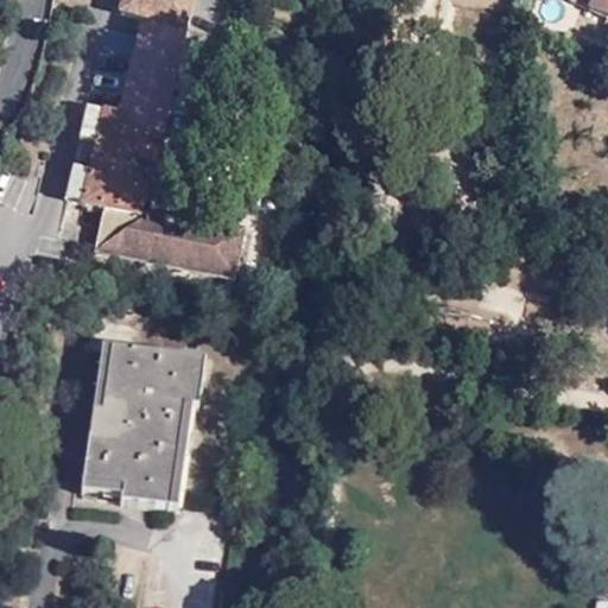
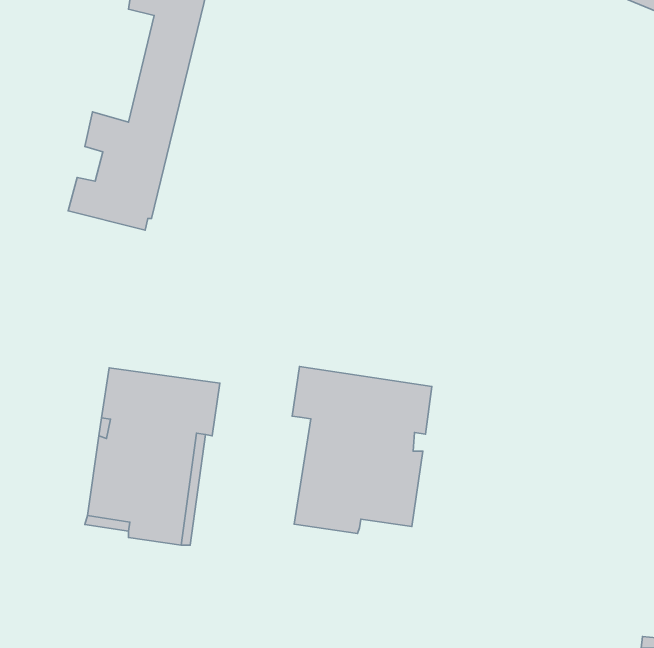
building: [94,202,243,280] -> none
building: none -> [292,366,432,533]

